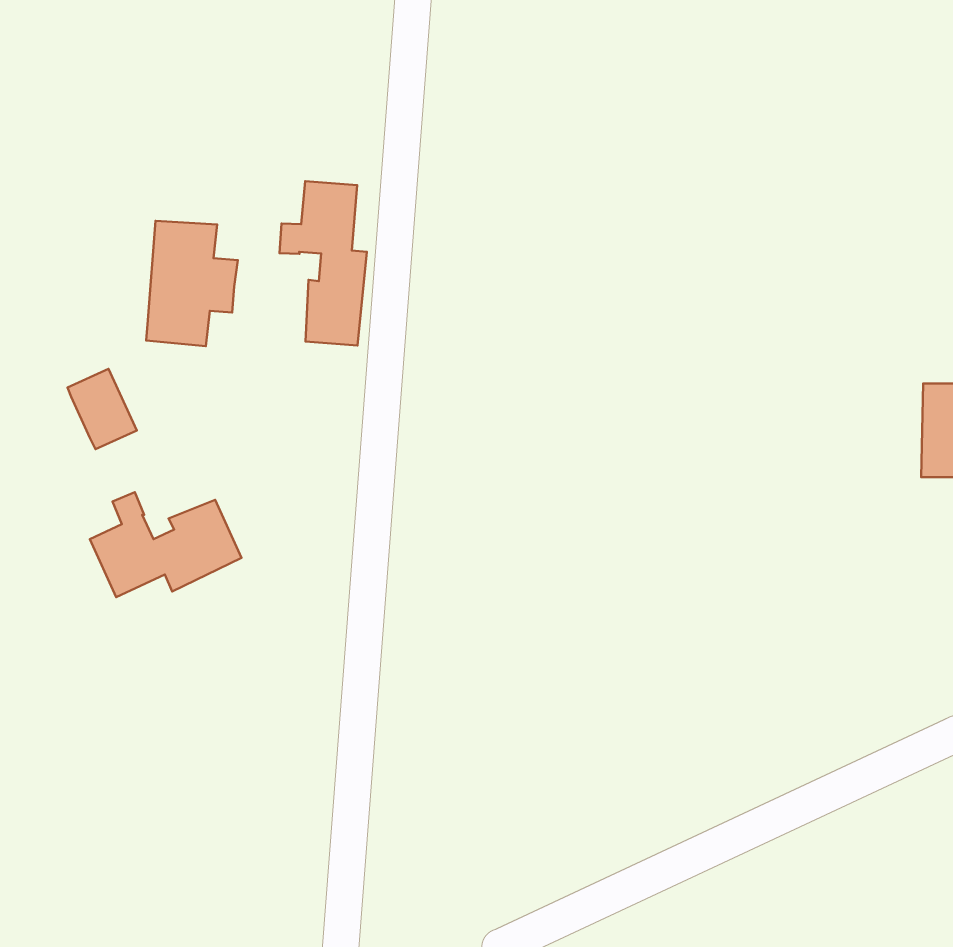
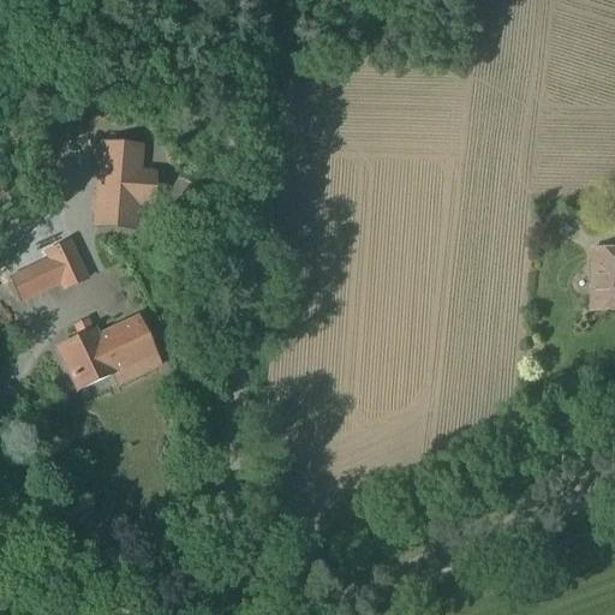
building: [280,181,367,346] -> none
building: none -> [10,255,60,299]

